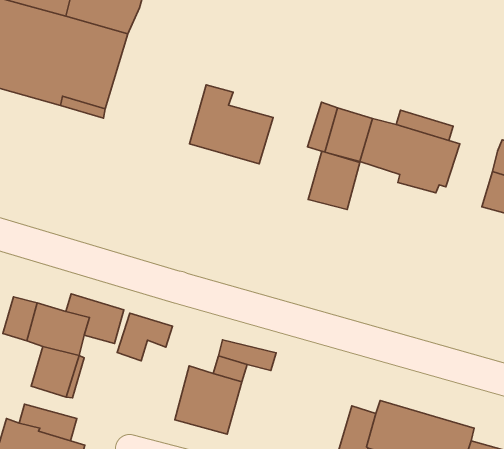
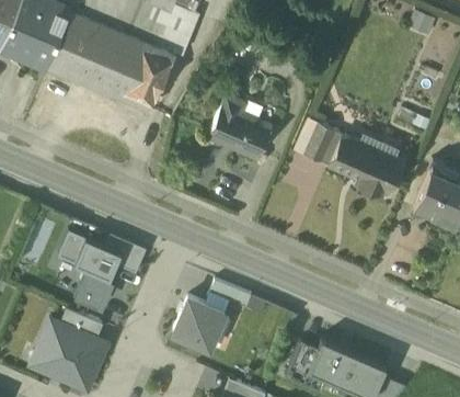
building: [308,151,360,210] -> none
building: [117,313,172,361] -> none

